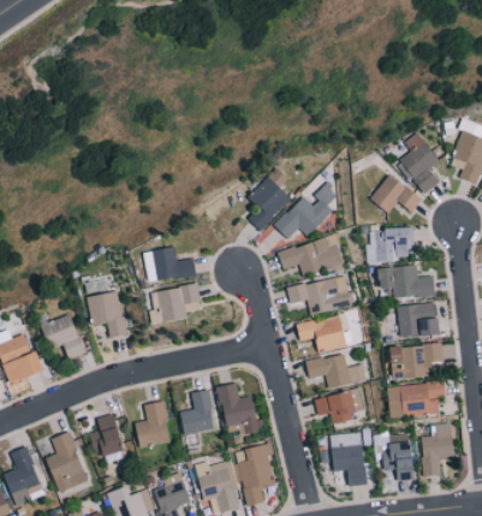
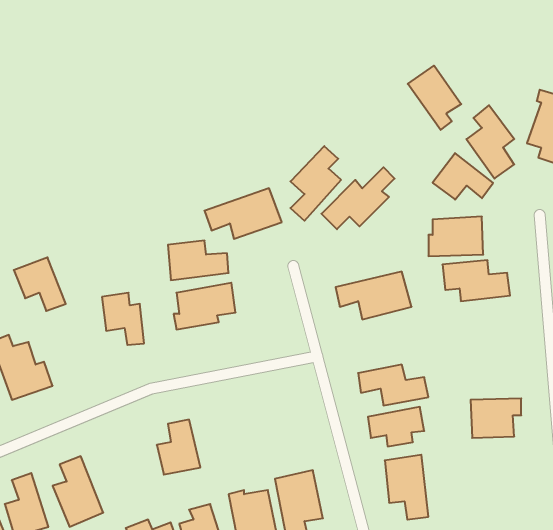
building: none -> [408,66,461,130]
building: [278,233,344,277] -> [204,188,282,239]
building: [398,303,441,337] -> none
building: [42,314,87,360] -> [14,257,66,311]
building: [297,314,347,352] -> none
building: [389,343,444,380] -> none
building: [218,382,264,434] -> none
building: [182,390,216,434] -> none
building: [90,414,125,457] -> none
building: [422,423,453,476] -> none
building: [382,434,413,479] -> none

